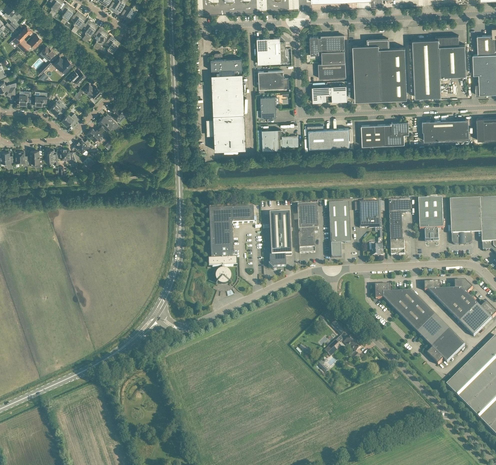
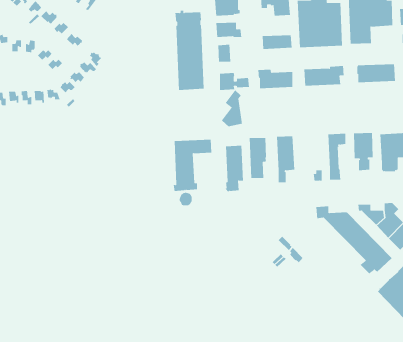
building: [319,62,346,78] -> none
building: none -> [221,90,243,127]
building: [359,202,382,228] -> none

